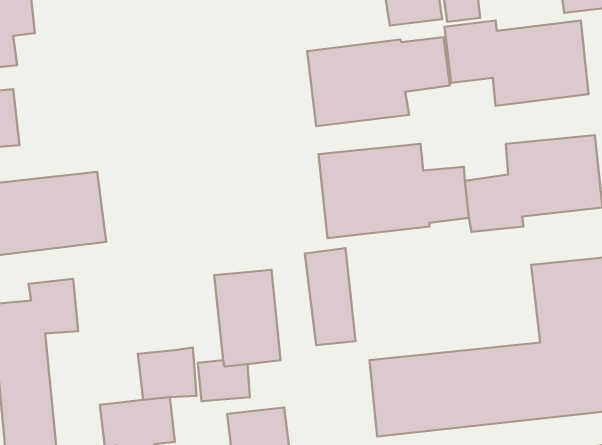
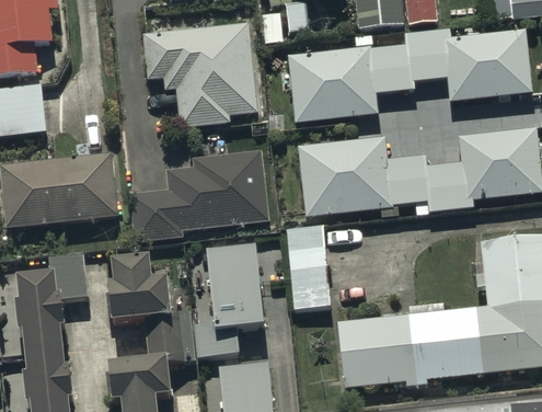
building: none -> [142,22,261,125]
building: none -> [123,156,267,245]
building: none -> [107,251,173,320]

